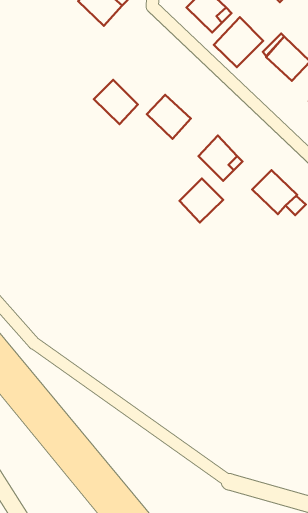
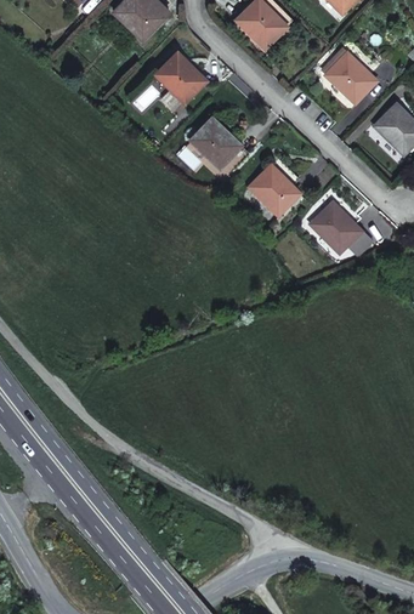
building: [214,17,263,67] -> none
building: [94,80,138,124] -> [157,52,206,102]
building: [179,179,223,222] -> none

